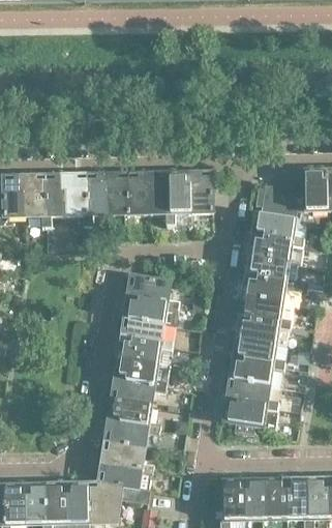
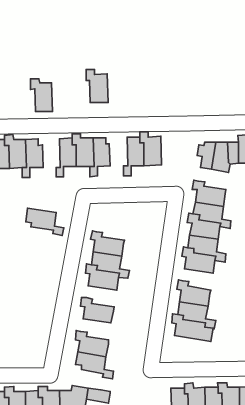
building: [143,170,170,210] -> [86,69,108,102]
building: [60,172,87,212] -> [31,79,52,112]
building: [255,212,302,246] -> none
building: [131,274,178,307] -> [26,208,64,235]
building: [237,336,283,369] -> none
building: [119,357,165,389] -> none
building: [112,398,158,430] -> none
building: [98,453,140,485] -> none

